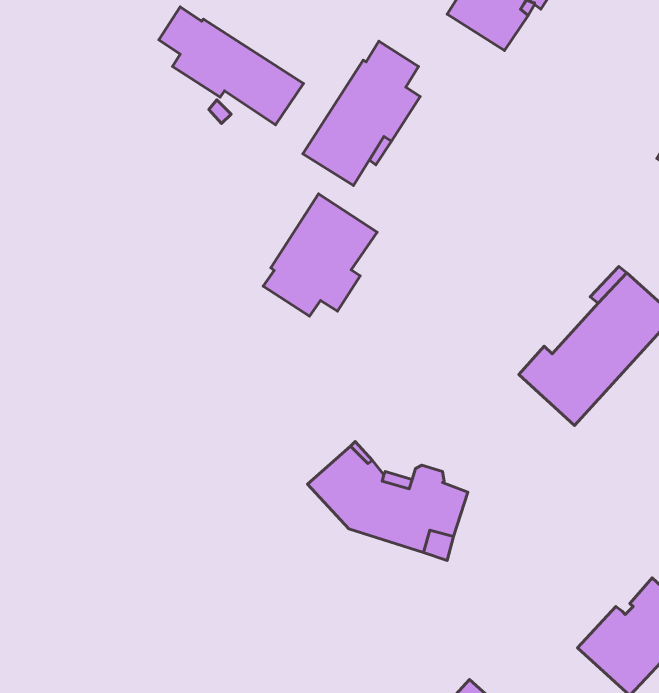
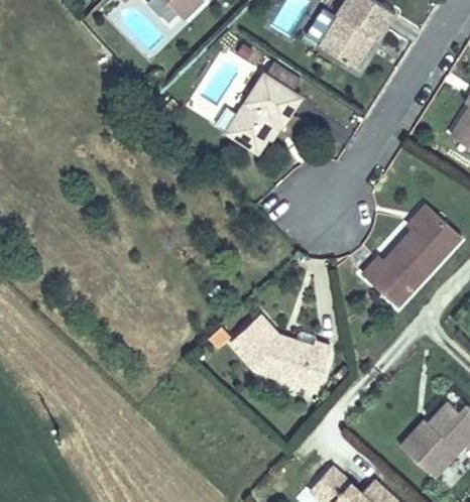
building: [159,7,303,125] -> none
building: [263,194,377,316] -> none

